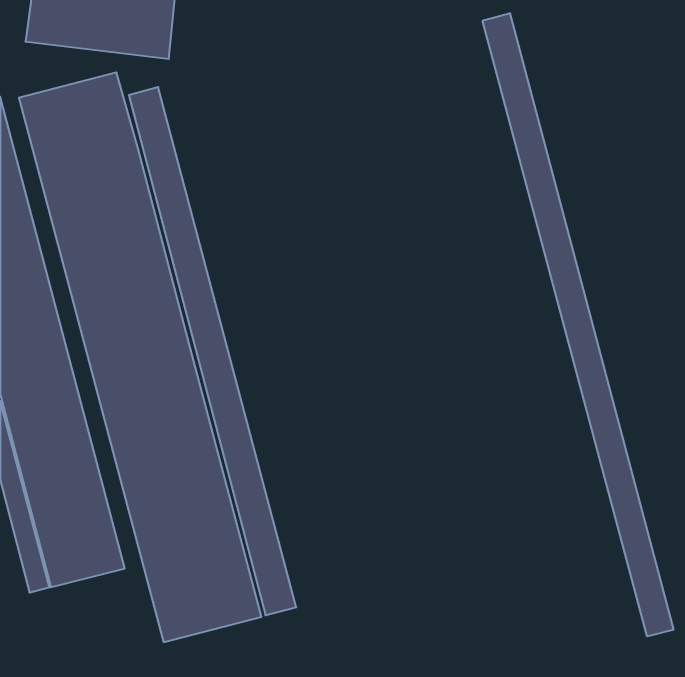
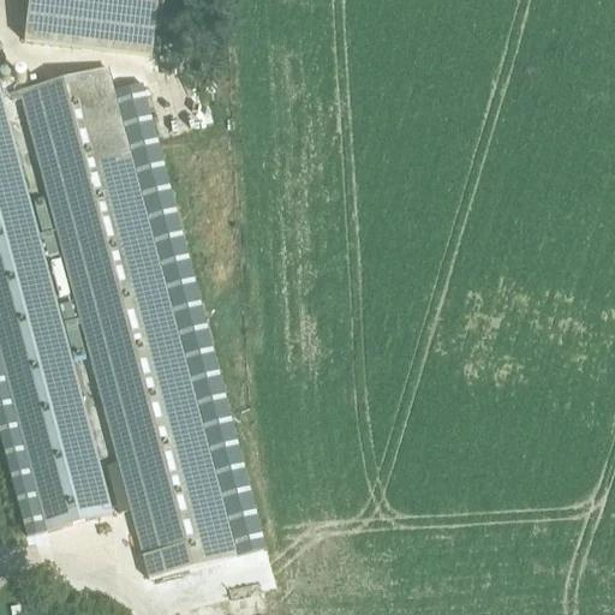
building: [483,13,673,636] -> none

